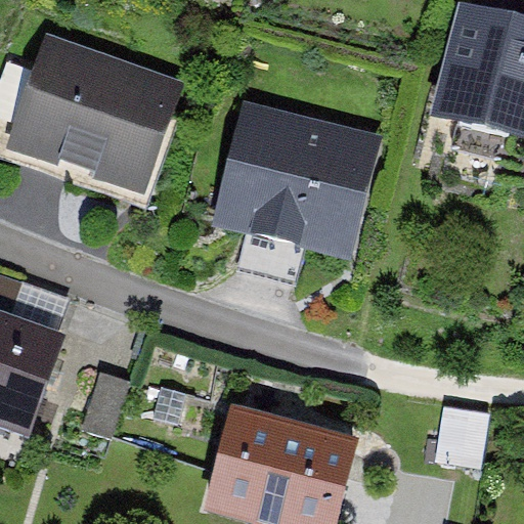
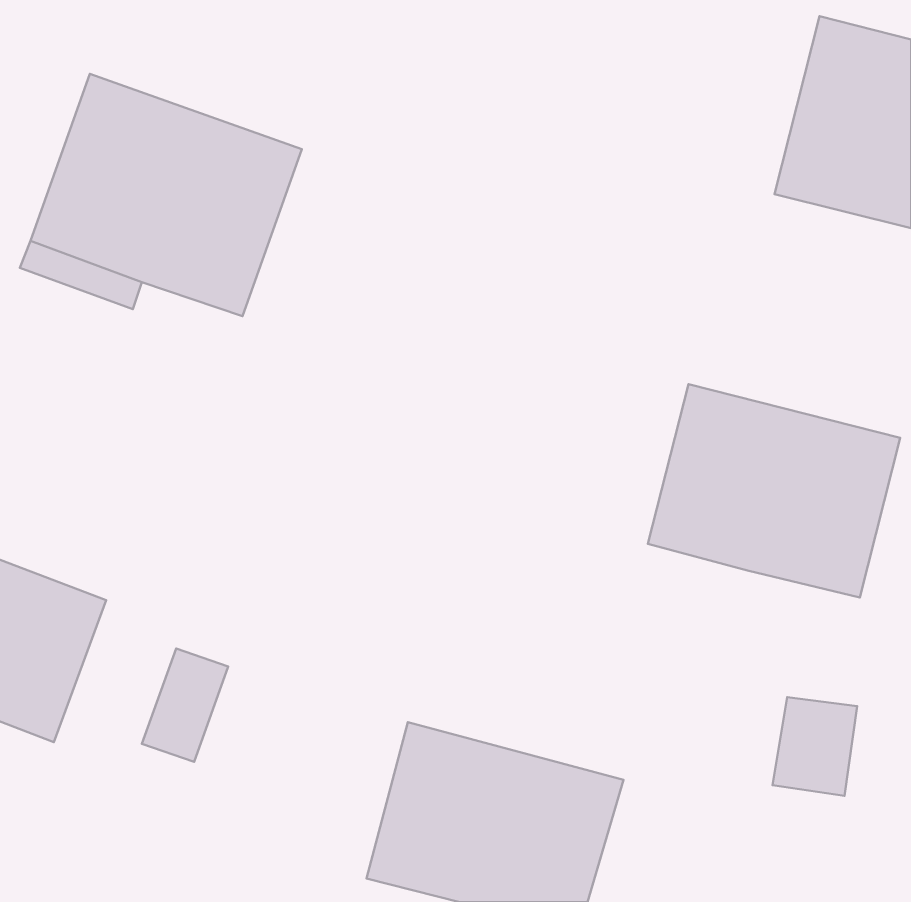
building: [223,112,369,245] -> none
building: none -> [648,384,900,597]

